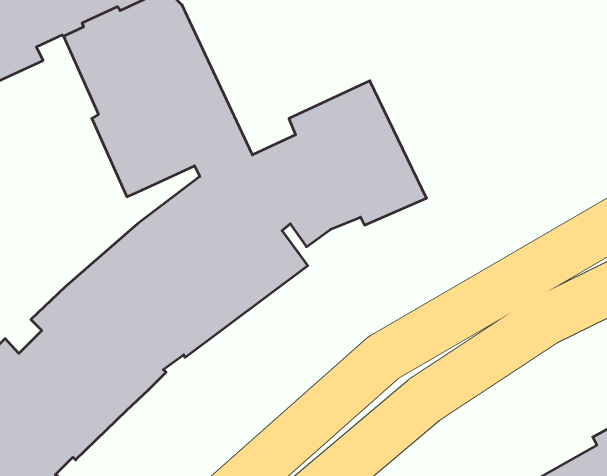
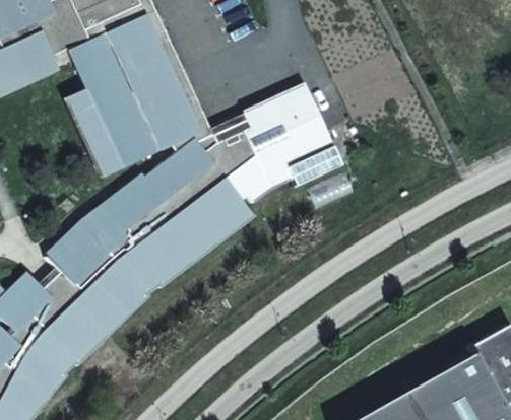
building: none -> [63,47,118,177]

